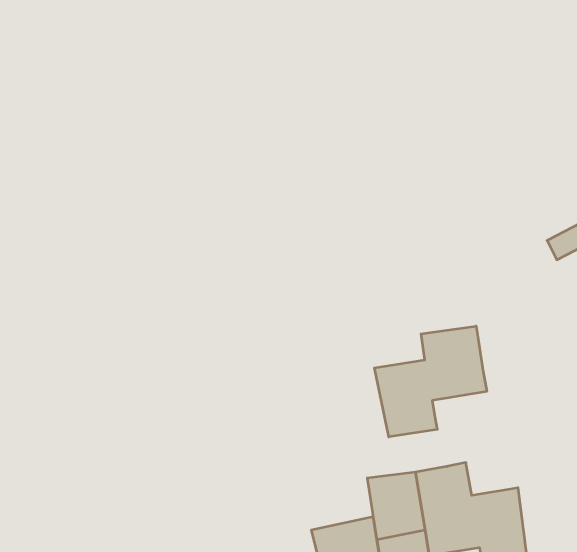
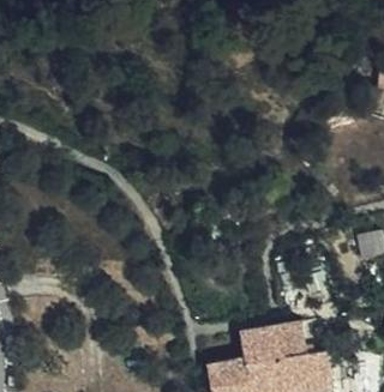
building: [374,326,487,437] -> none

